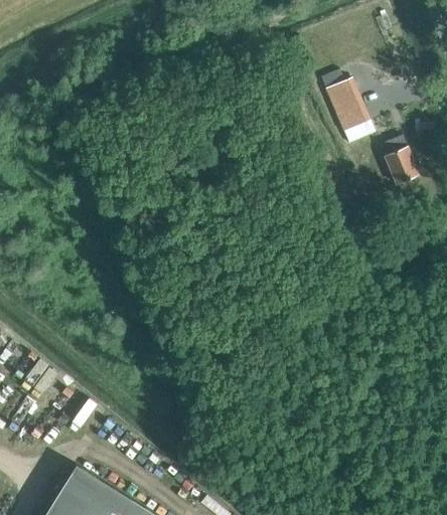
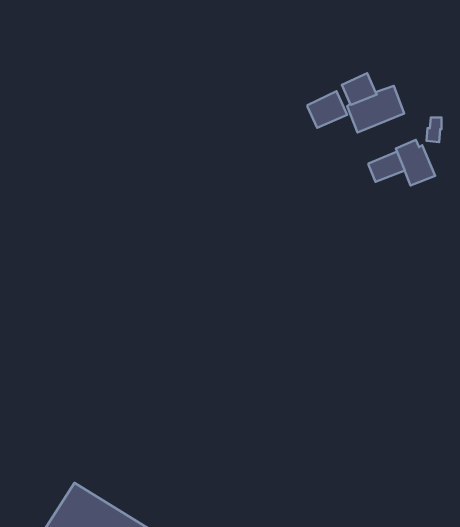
building: none -> [308,91,347,128]
building: none -> [369,151,405,182]

